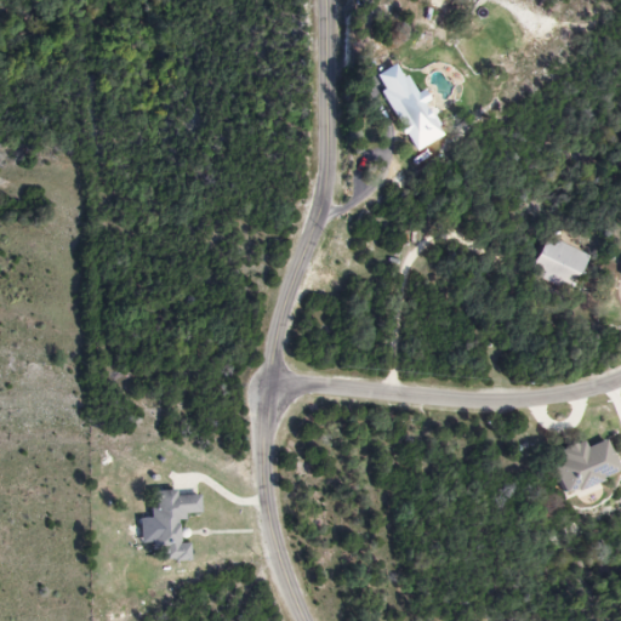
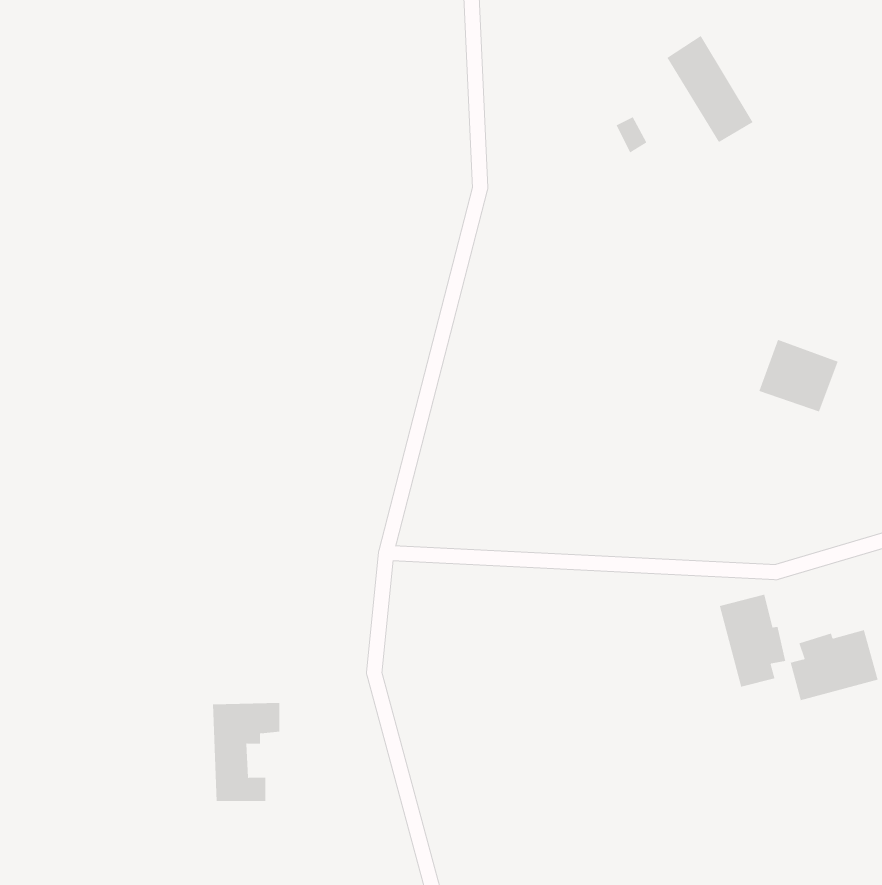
building: [383,74,444,149] -> [666,35,753,143]
building: none -> [719,594,786,688]

